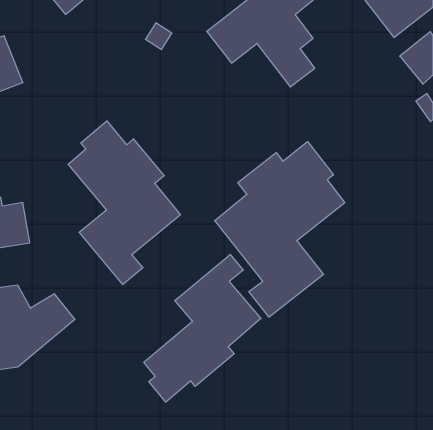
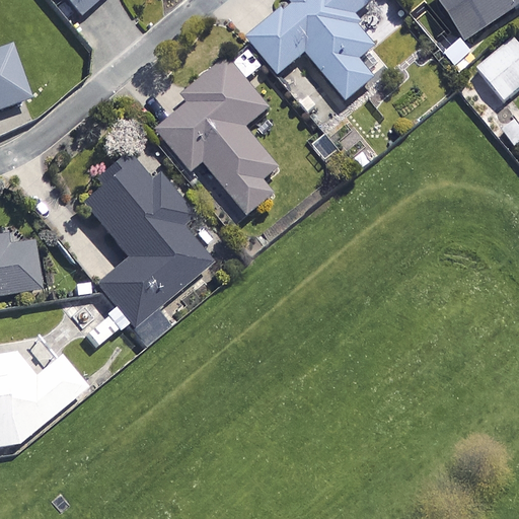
building: none -> [158,60,280,216]
building: [215,142,345,317] -> none
building: [144,254,261,402] -> none

